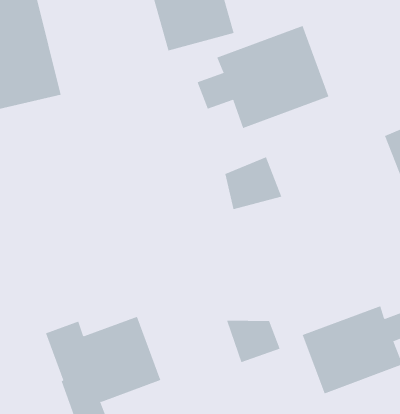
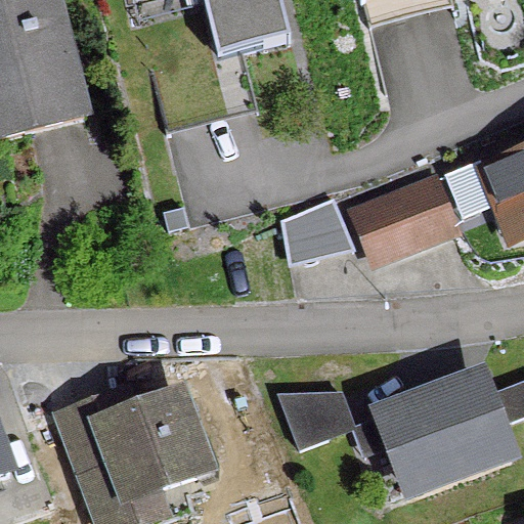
building: [197,25,329,129] -> none
building: none -> [349,168,464,266]

